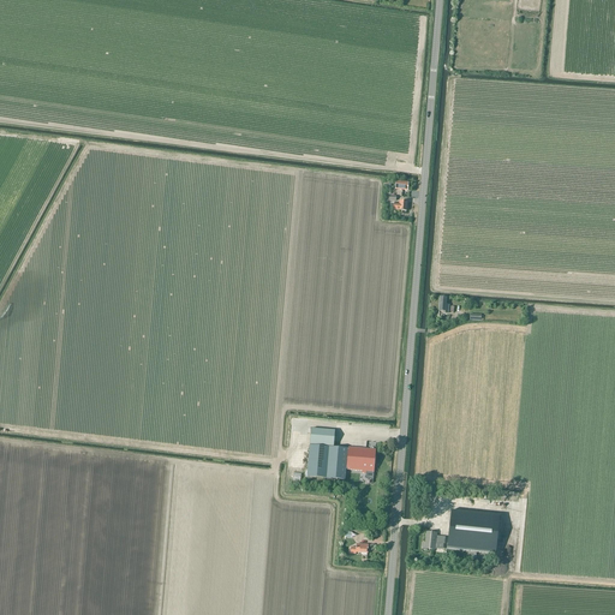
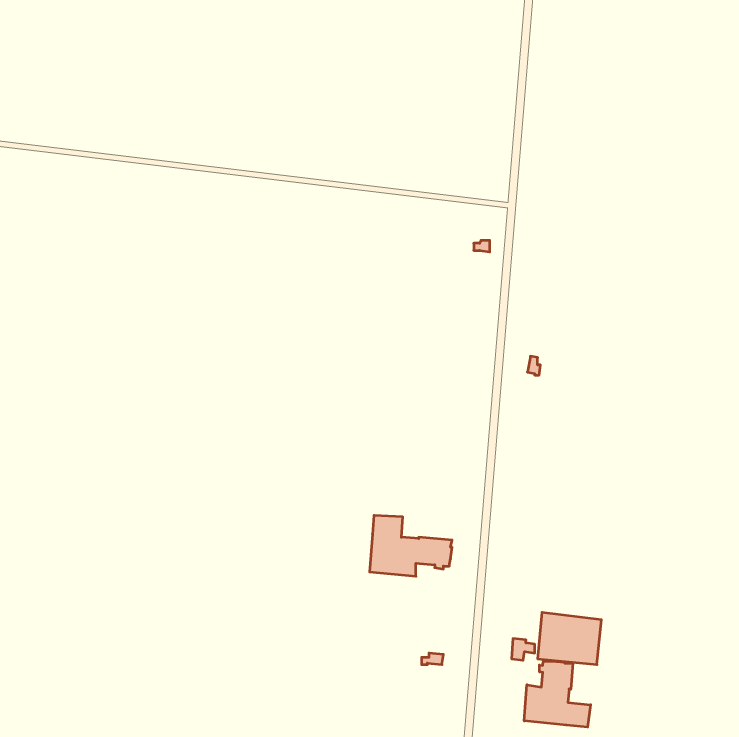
building: none -> [524,661,591,727]

